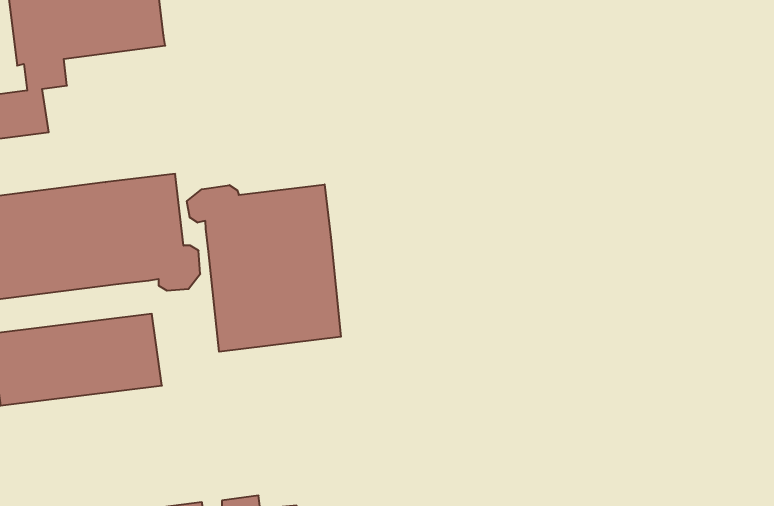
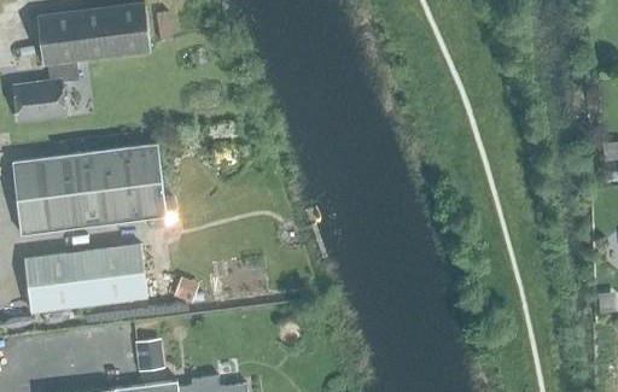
building: [187,184,341,352] -> none
building: none -> [135,339,164,371]

